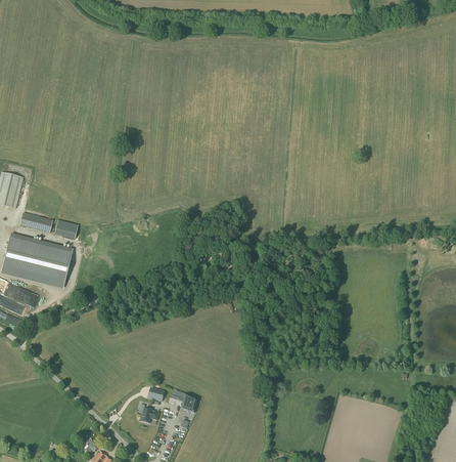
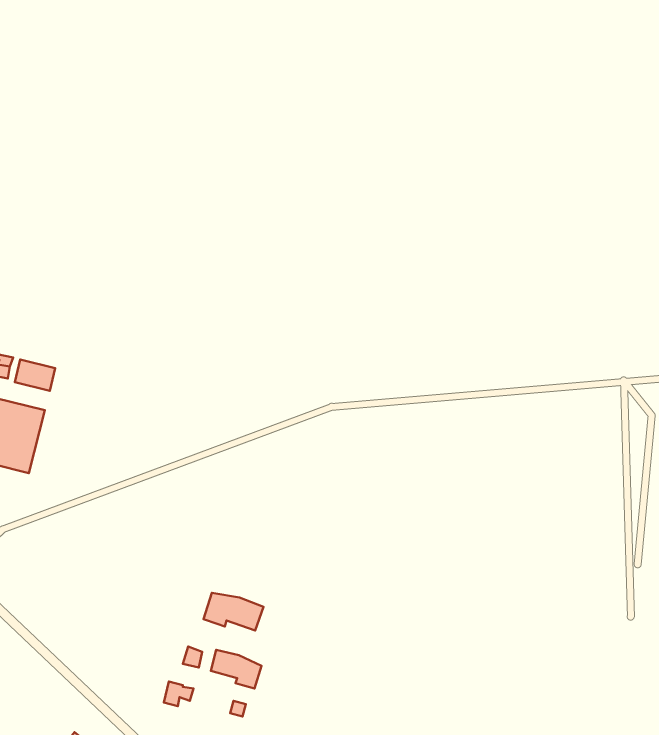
building: none -> [204,593,264,630]

